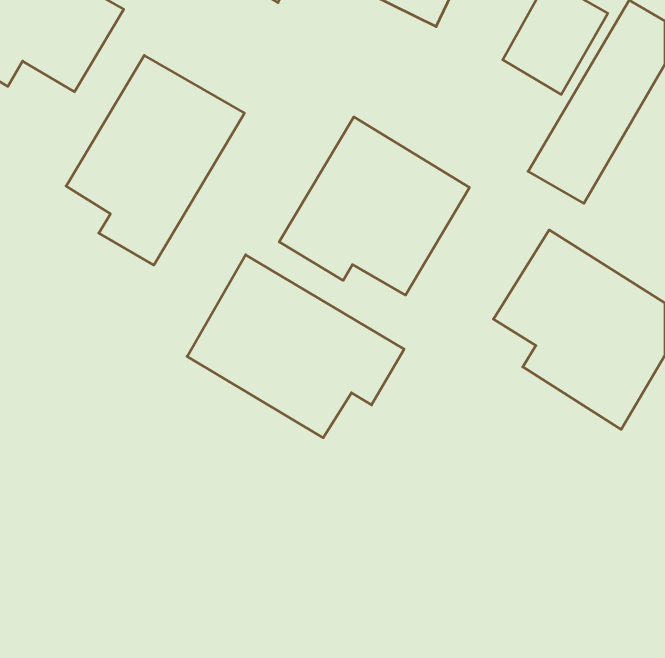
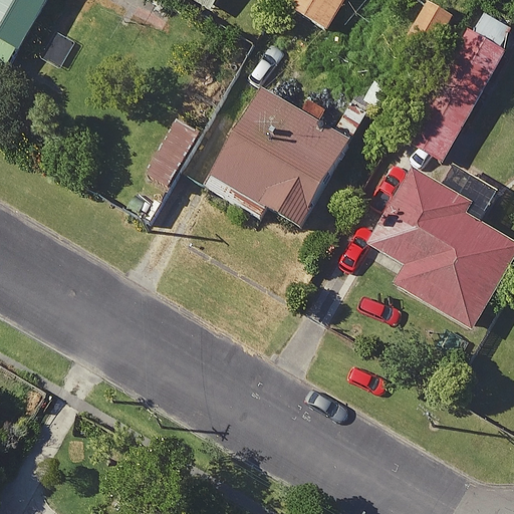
building: [66,55,244,265] -> none
building: [187,255,404,438] -> none

